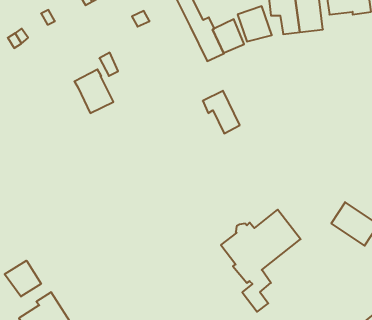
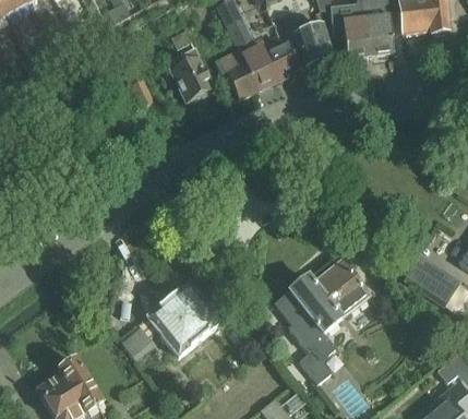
building: [74,69,113,113] -> [167,50,213,101]
building: [203,91,240,133] -> [214,48,257,98]
building: none -> [118,284,219,359]
building: [5,261,41,297] -> none

